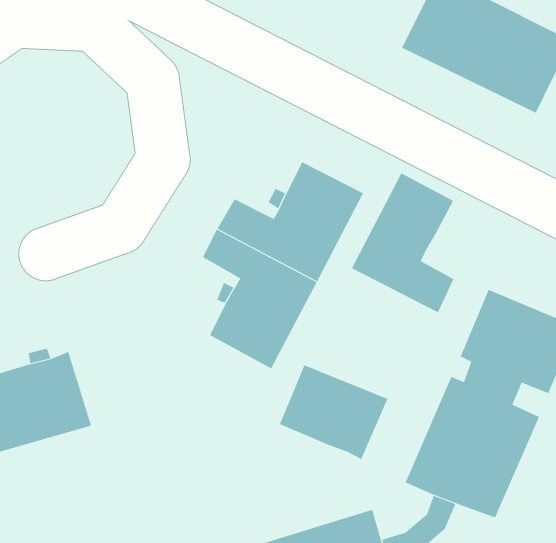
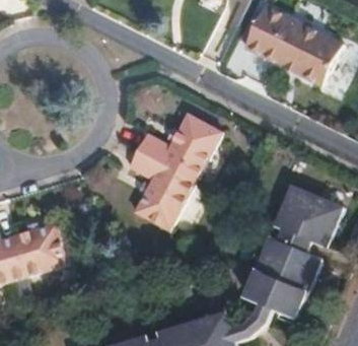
building: [351,173,454,313] -> none
building: [279,364,388,460] -> none

